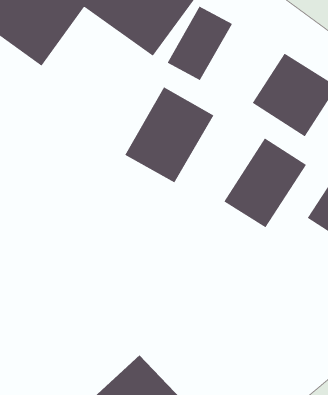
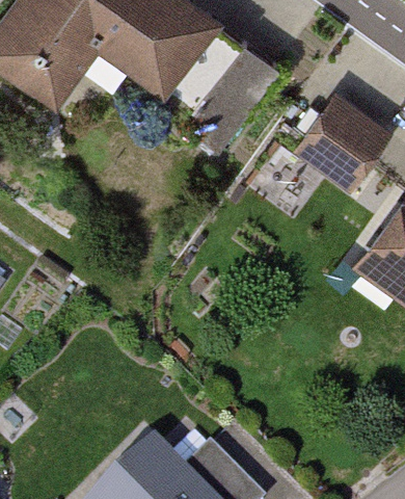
building: [125,86,214,183] -> none
building: [224,138,307,228] -> none

